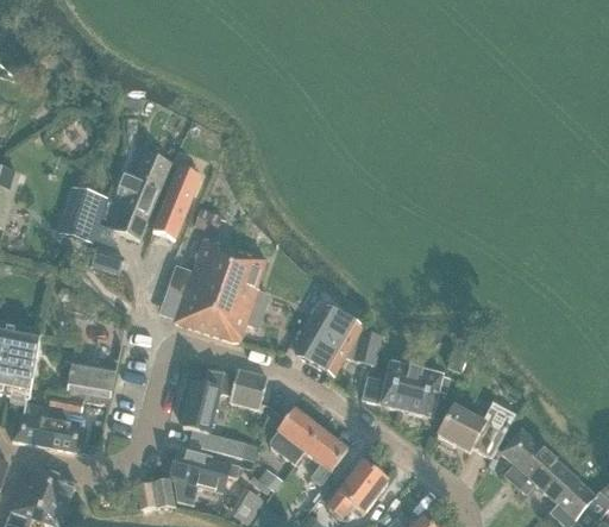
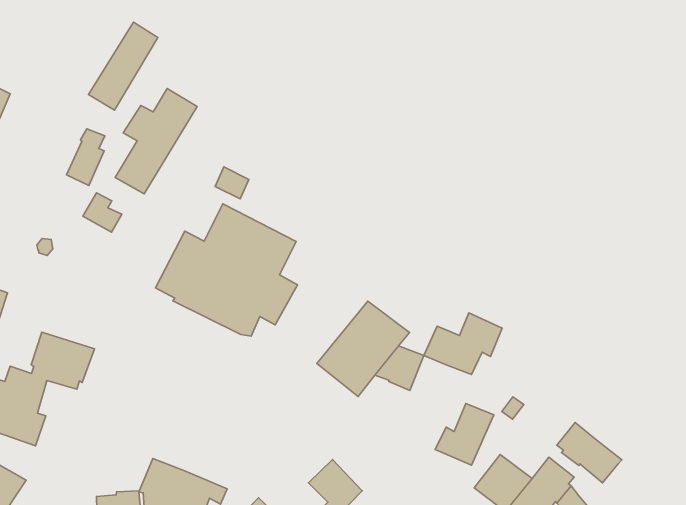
building: [151,167,200,239] -> [89,22,158,110]
building: [360,360,420,409] -> [424,313,502,374]
building: [182,369,266,457] -> none
building: none -> [557,423,622,483]
building: [276,409,320,463] -> none

